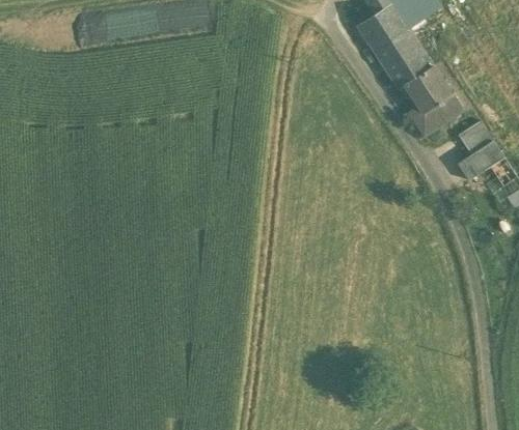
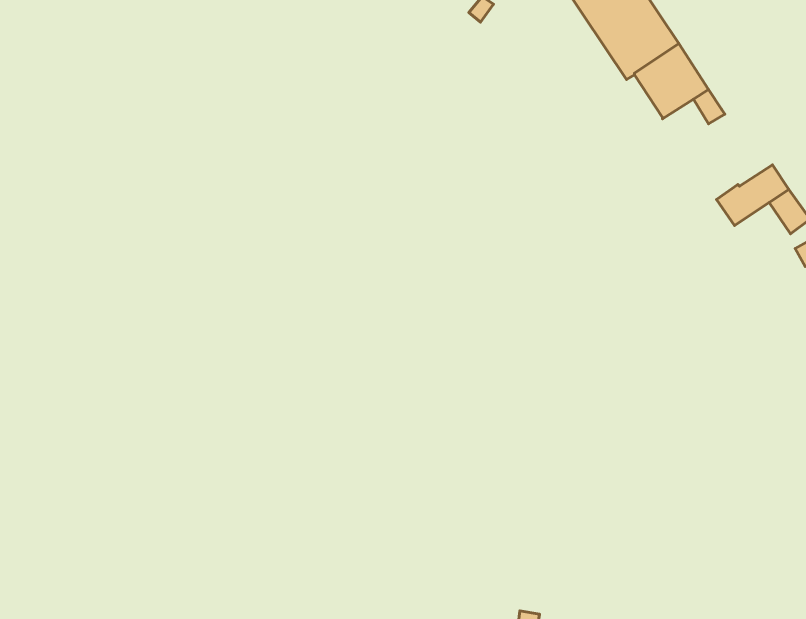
building: [417,101,450,130] -> none
building: [457,121,491,155] -> none

